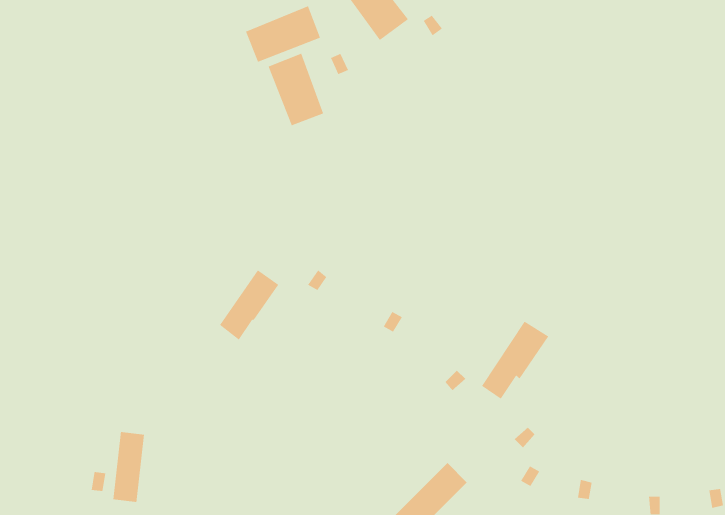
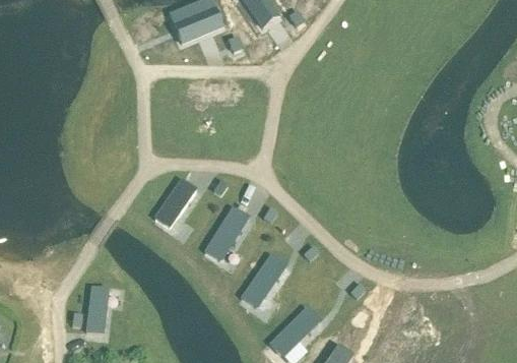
building: [268,53,324,126] -> none
building: none -> [205,206,248,258]
building: [481,321,549,400] -> [242,253,286,305]

